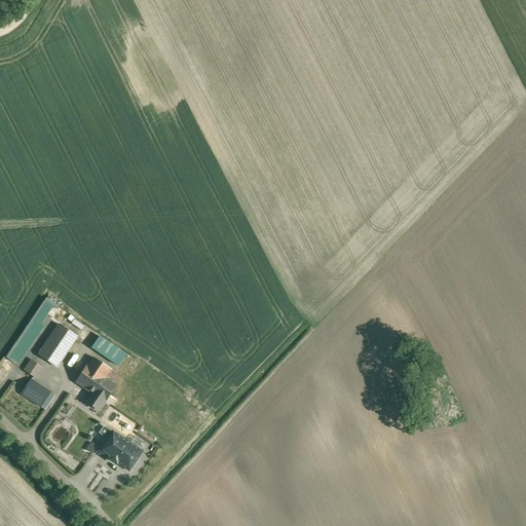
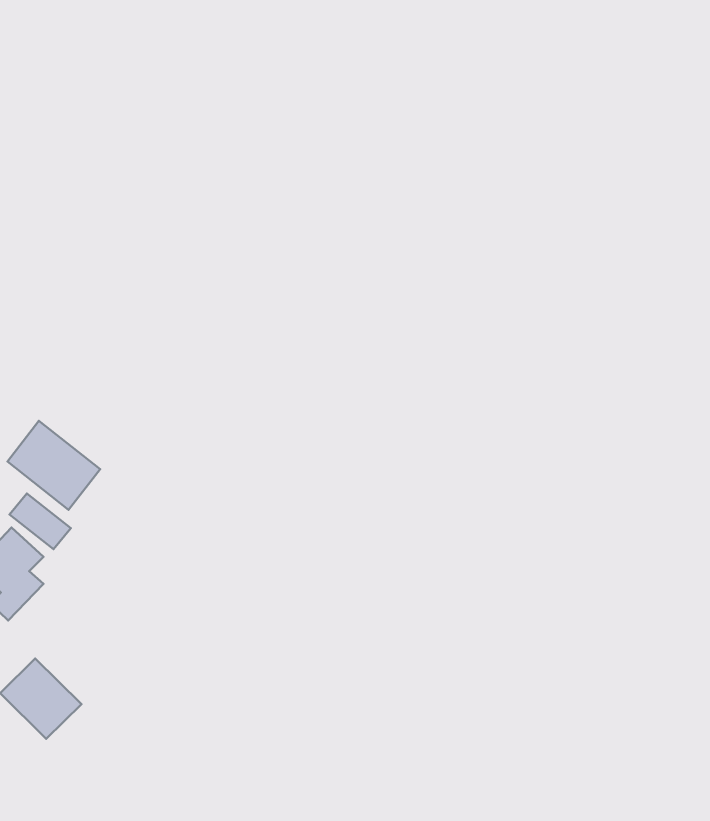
building: none -> [7,421,100,510]

